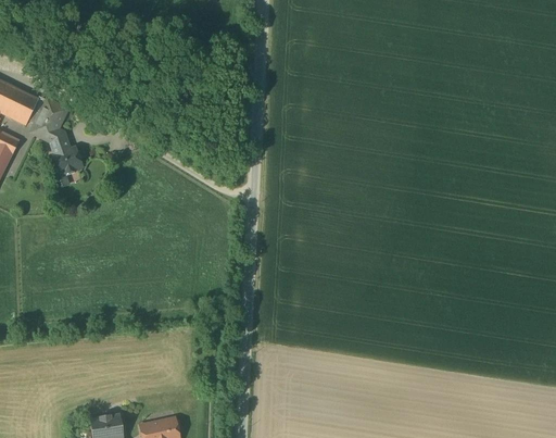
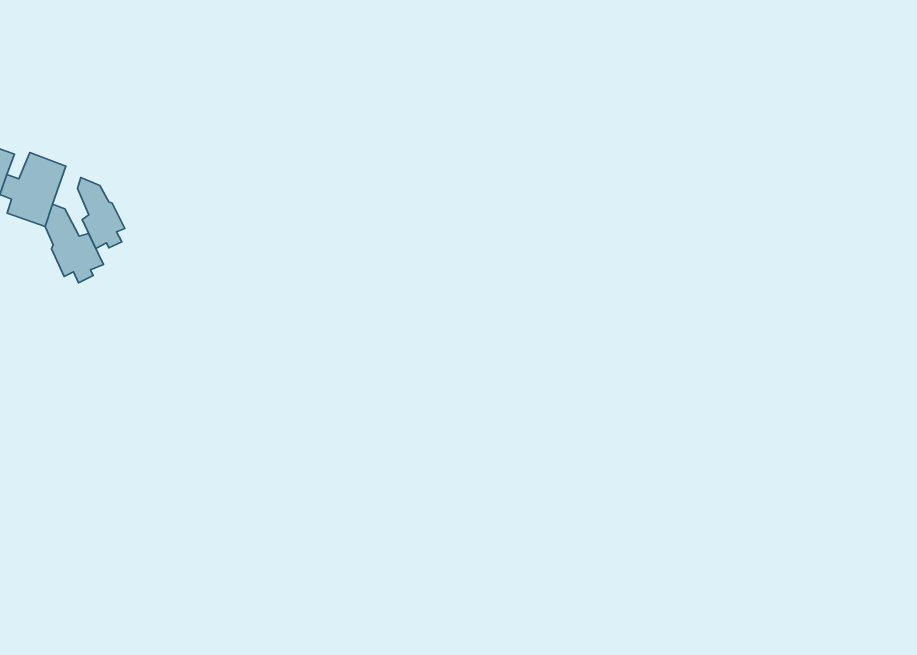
building: none -> [78,177,125,249]

